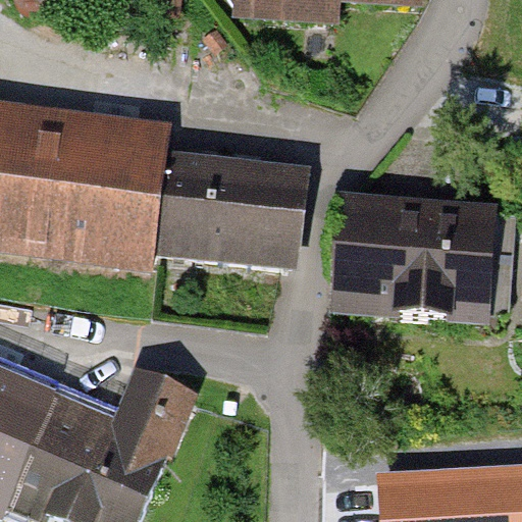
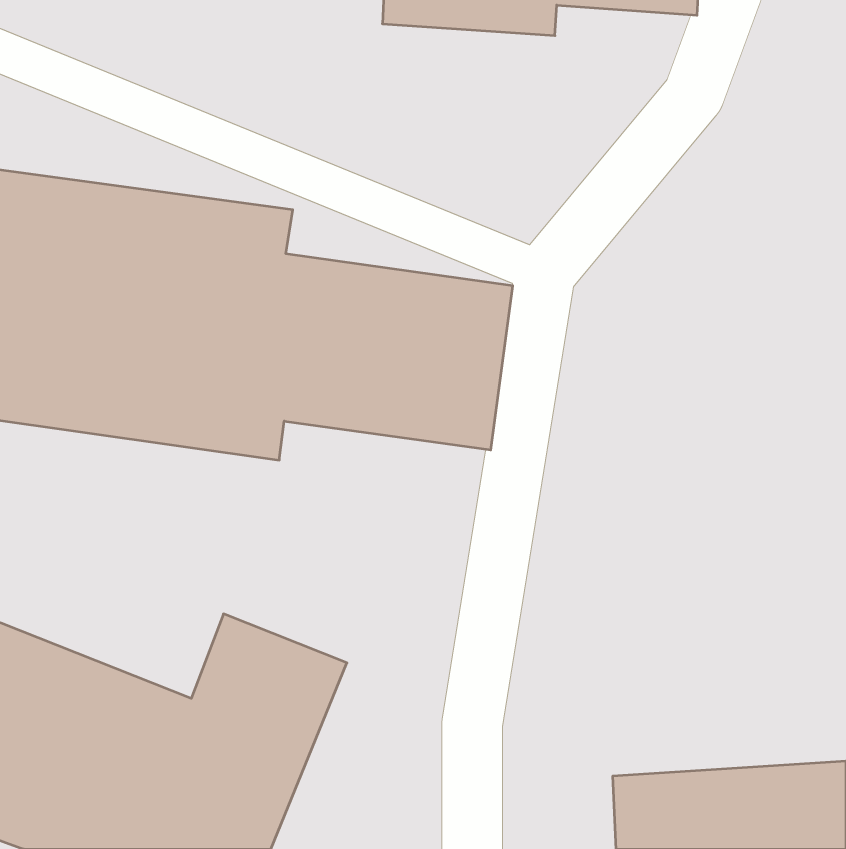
building: [334,196,504,316] -> none

